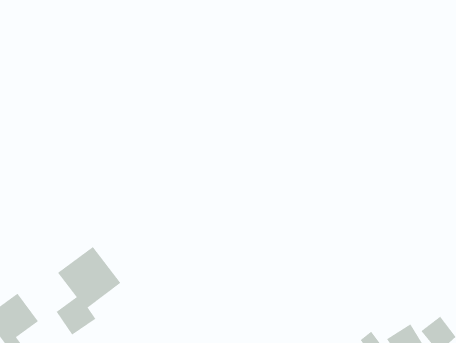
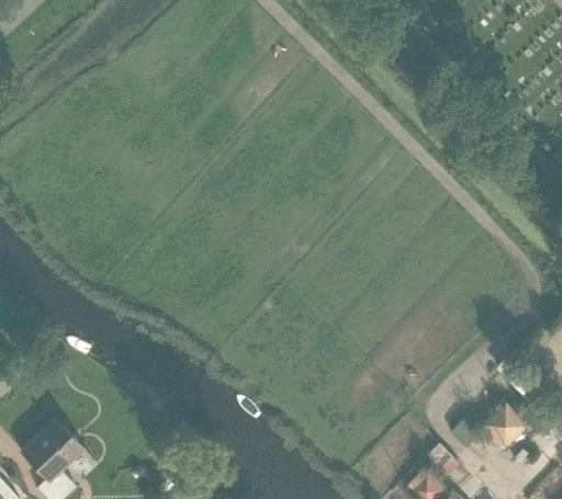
building: [56,246,121,336] -> none

